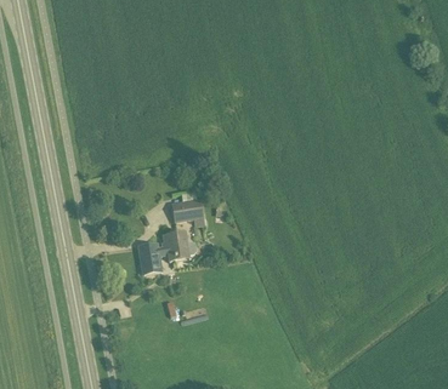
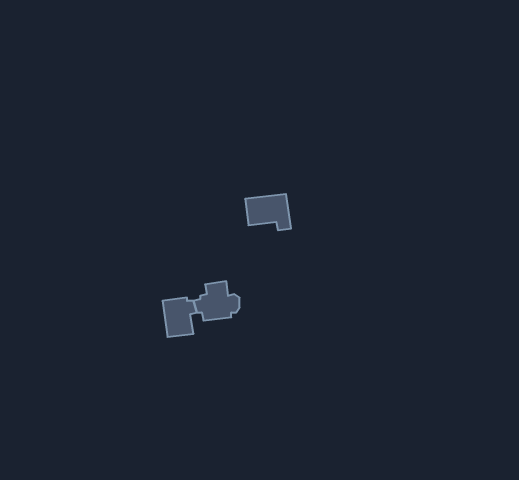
building: [170,198,204,224] -> [245,194,291,230]

